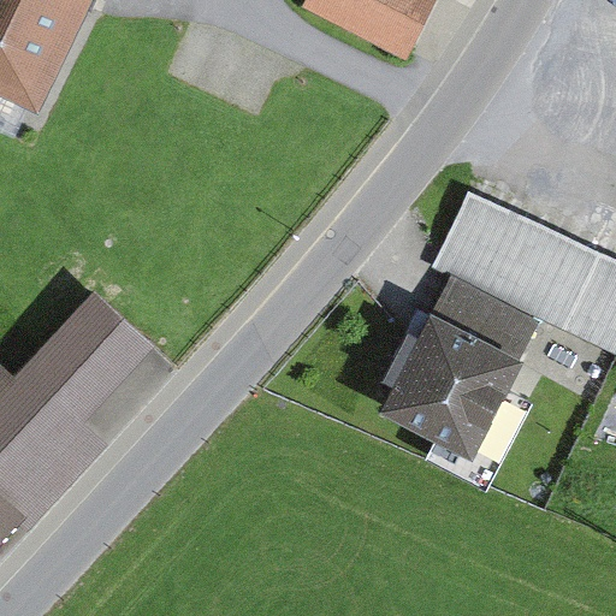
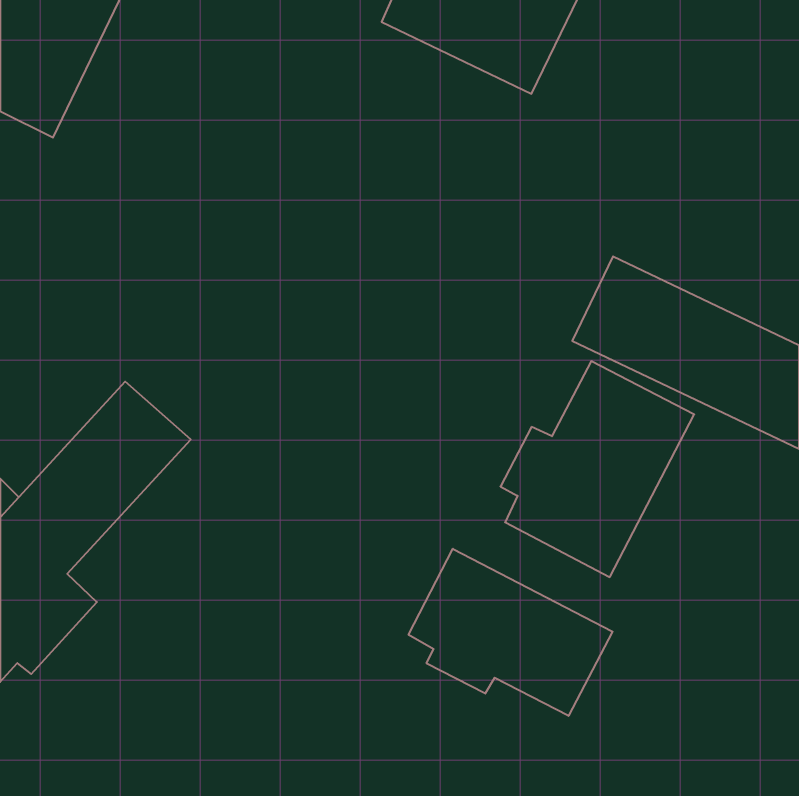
building: none -> [409,549,613,716]

